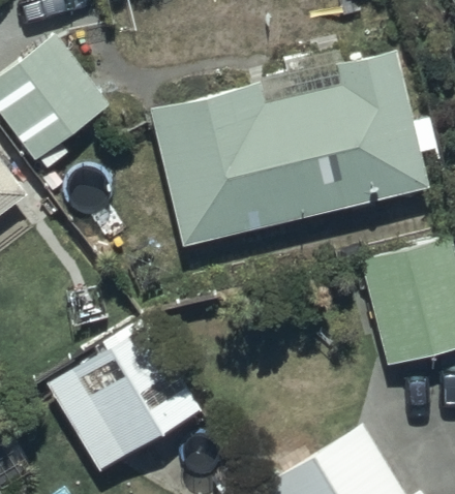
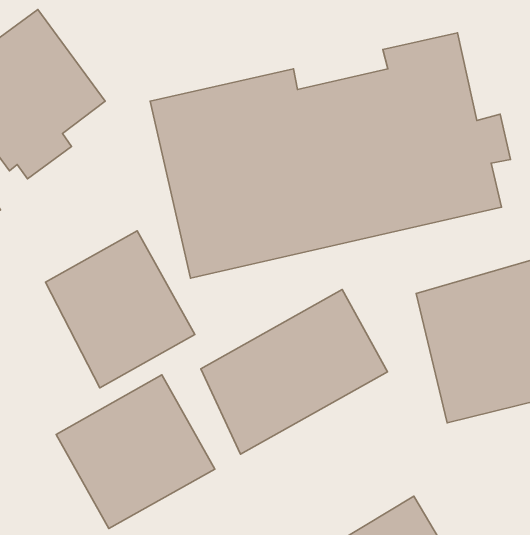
building: none -> [46,231,195,388]
building: none -> [201,290,387,454]

